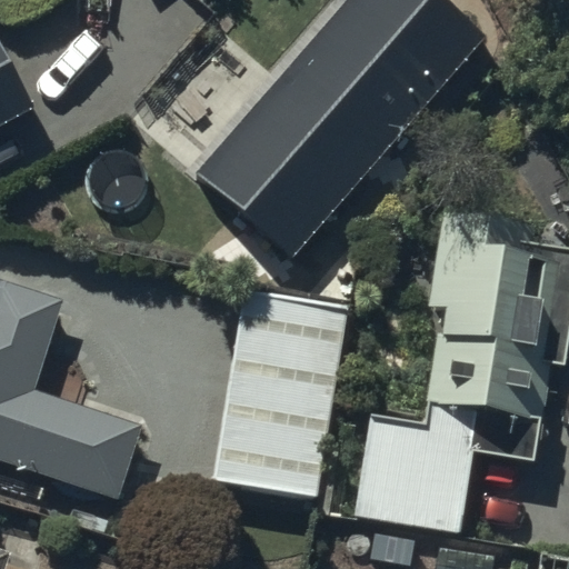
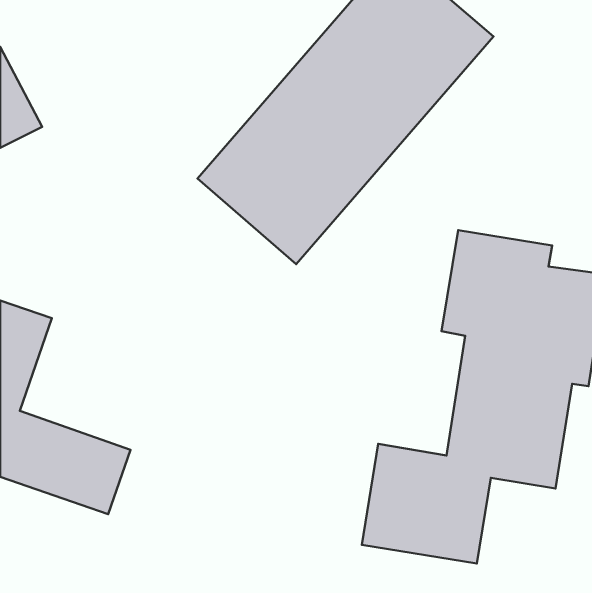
building: [221,291,360,505] -> none

